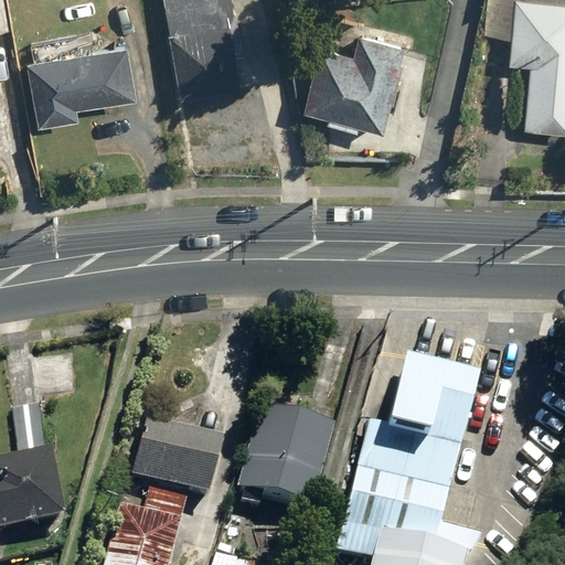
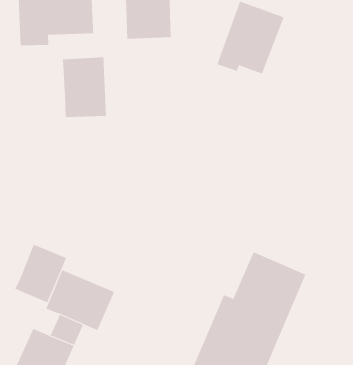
building: none -> [62,57,106,118]
building: none -> [15,244,67,303]
building: [235,408,331,512] -> none

